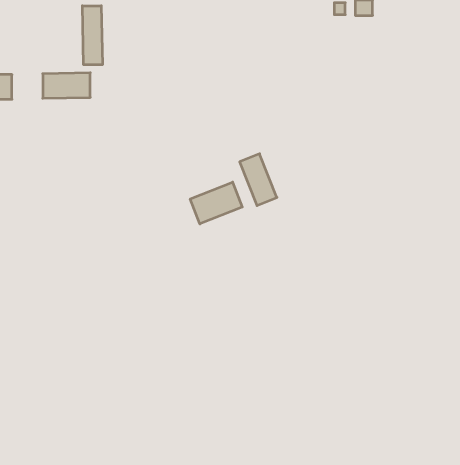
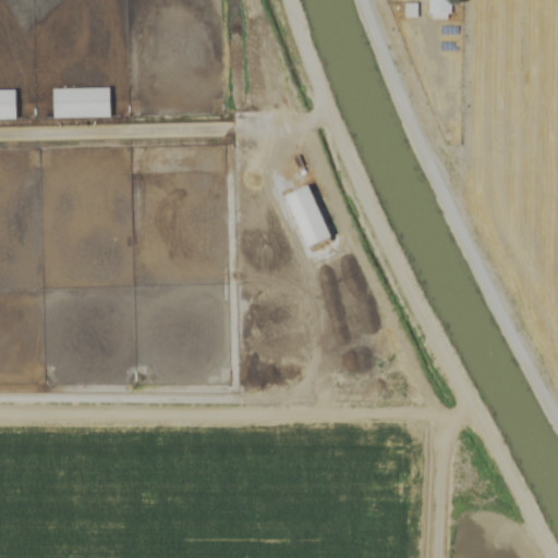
building: [82,6,102,65] -> none
building: [190,182,242,224] -> none

